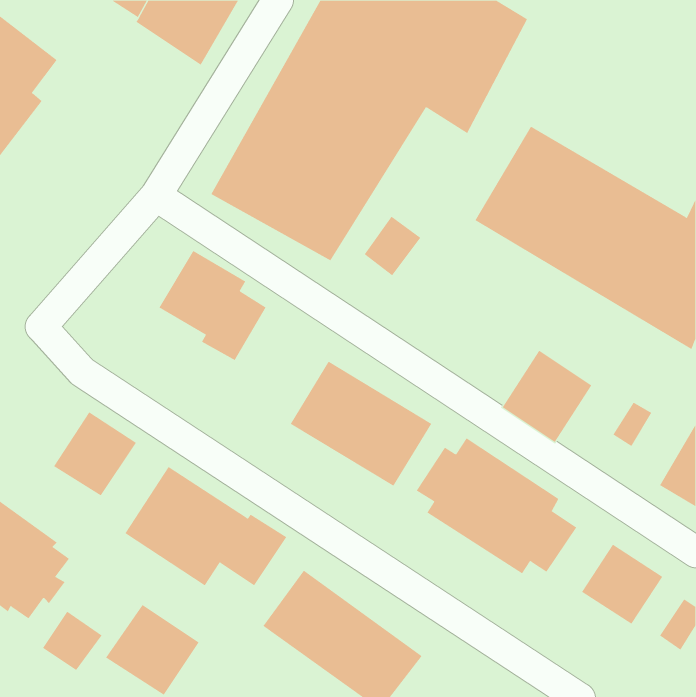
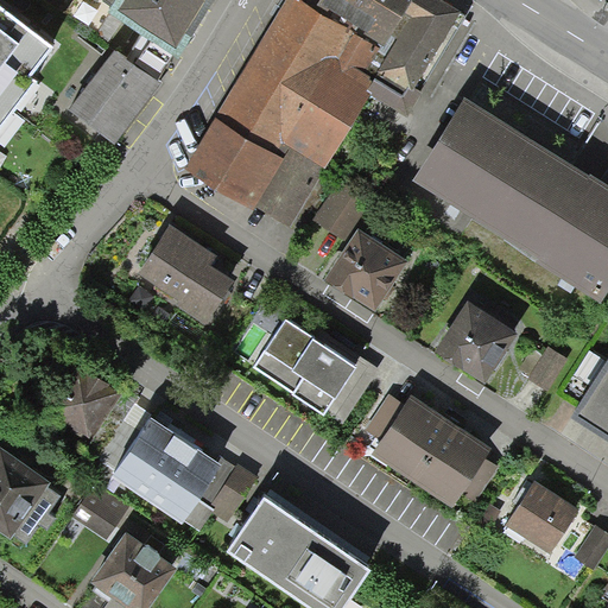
building: none -> [69,56,158,150]
building: none -> [325,234,404,311]
building: [42,611,102,671] -> [75,483,127,536]

